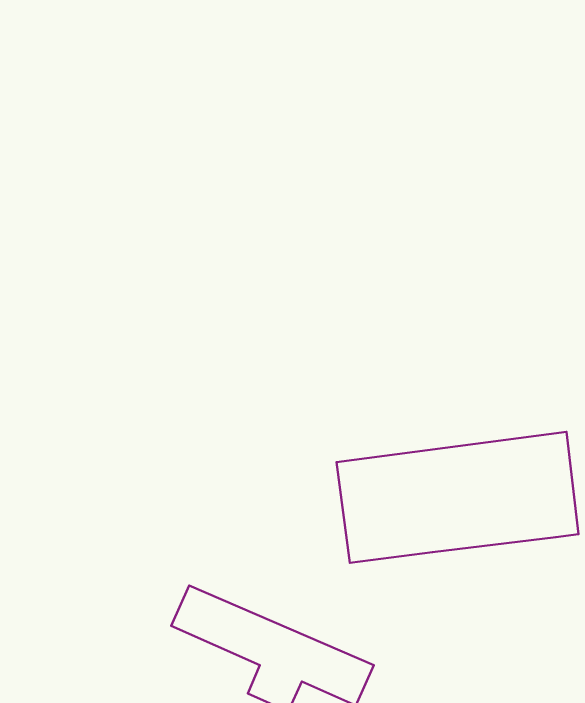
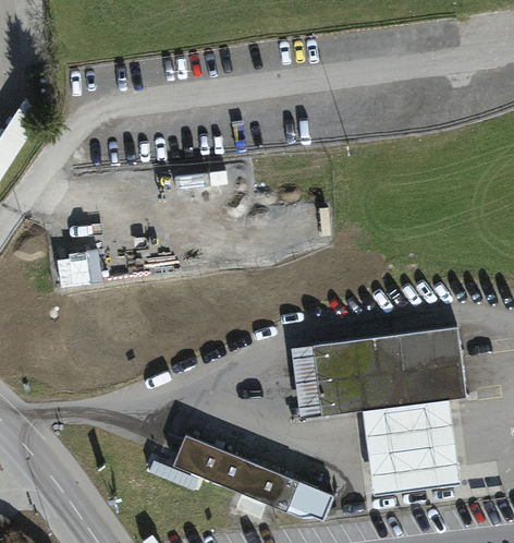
building: none -> [363,400,462,494]

